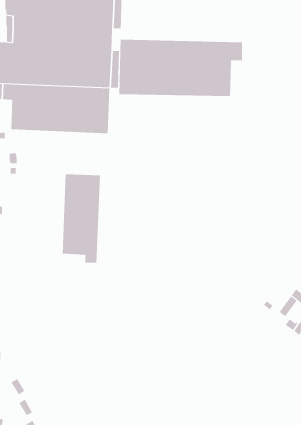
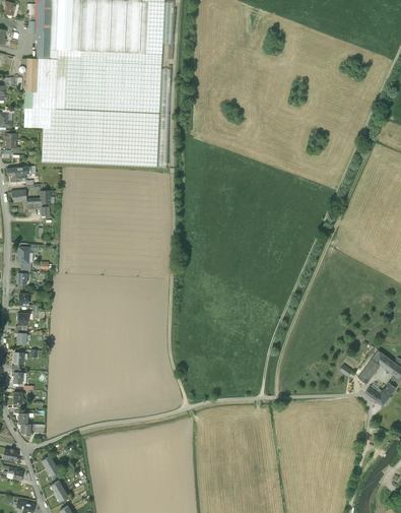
building: [119,39,243,97] -> none
building: [62,173,100,264] -> none

